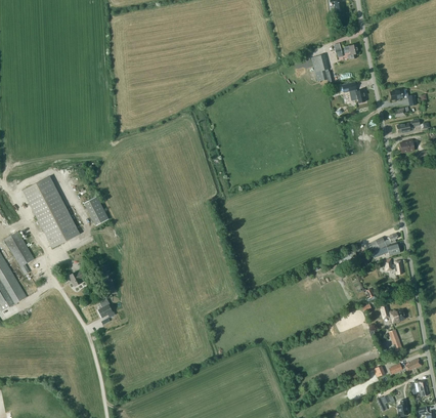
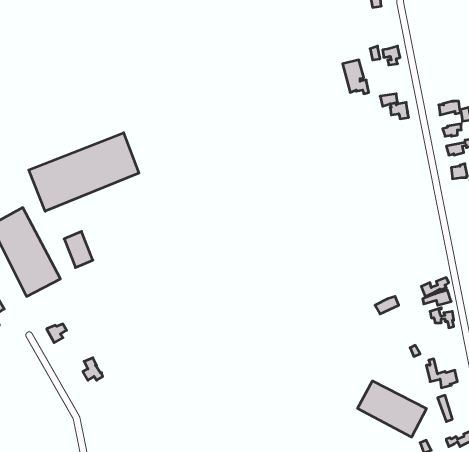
building: none -> [29,133,139,211]
building: none -> [358,381,426,437]

